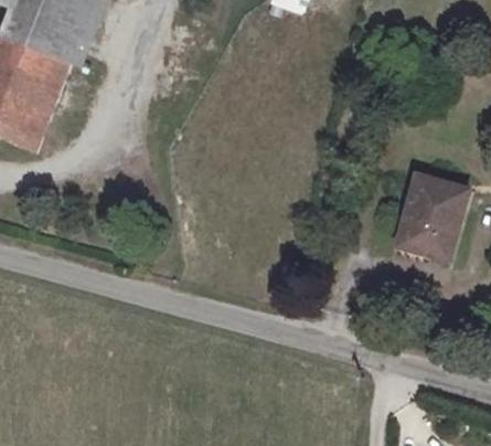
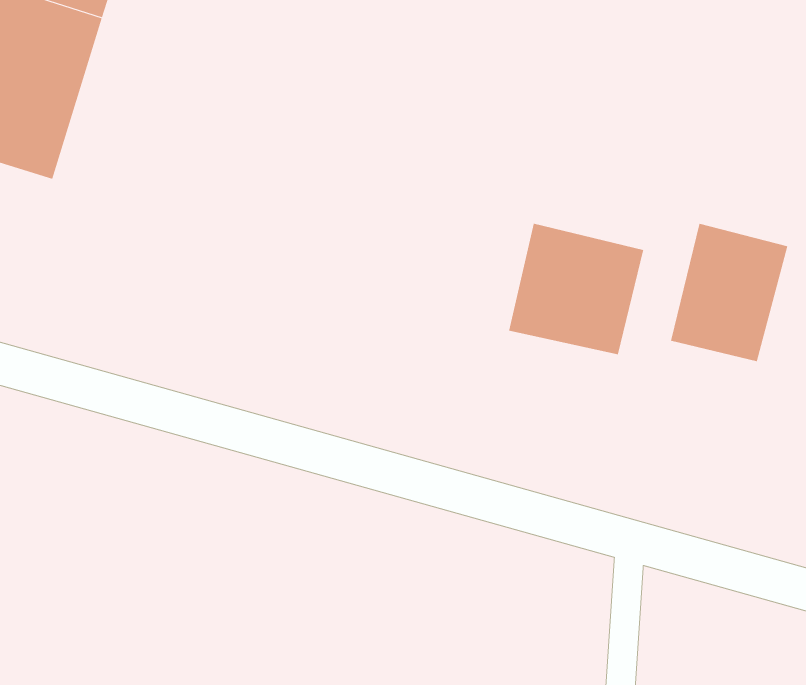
building: none -> [508,223,644,355]

